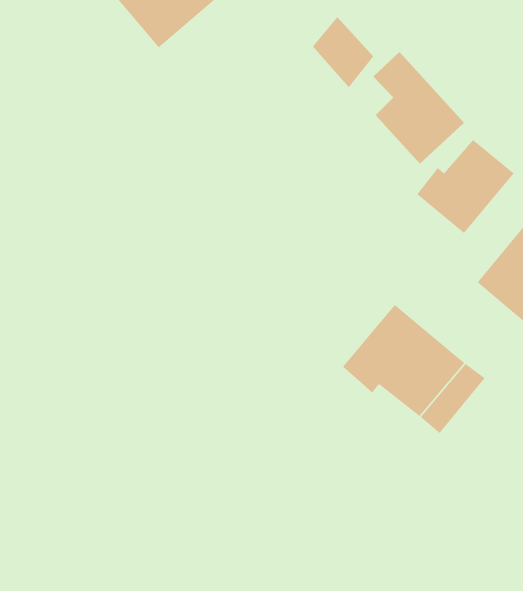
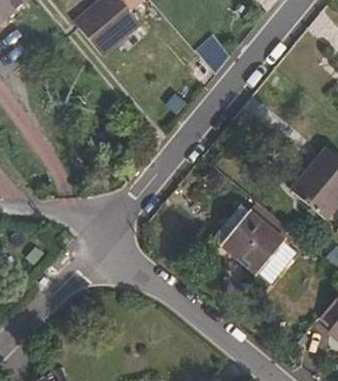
building: [372,51,465,165] -> none
building: [416,139,514,234] -> none

